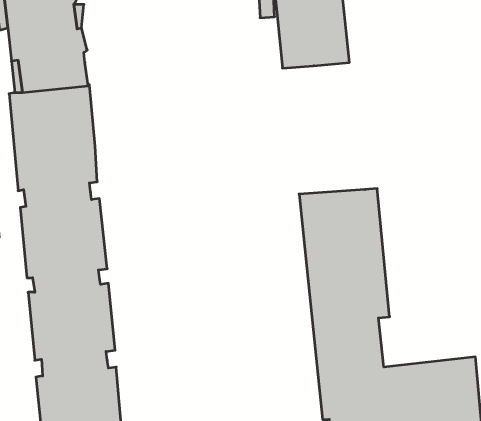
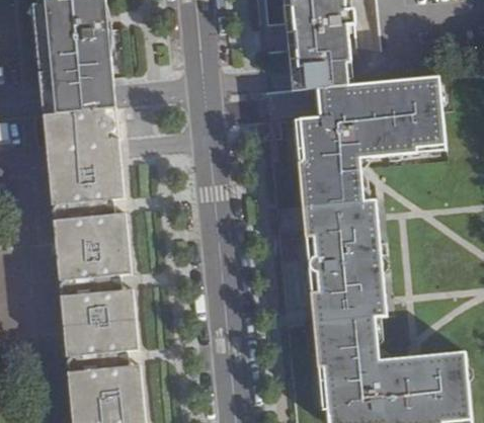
building: none -> [298,77,446,205]

